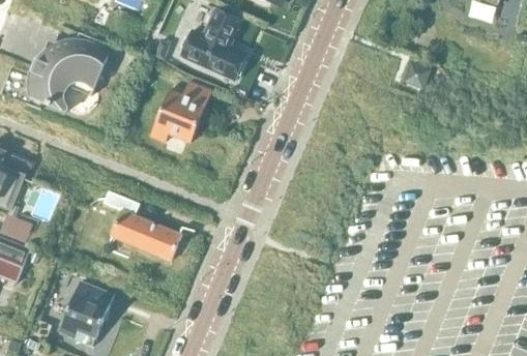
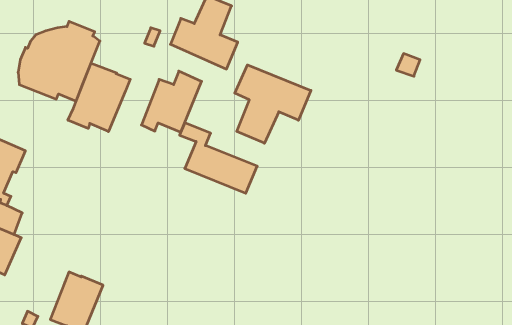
building: none -> [68,63,130,132]
building: none -> [235,65,311,143]
building: [104,190,181,261] -> [180,123,257,193]

